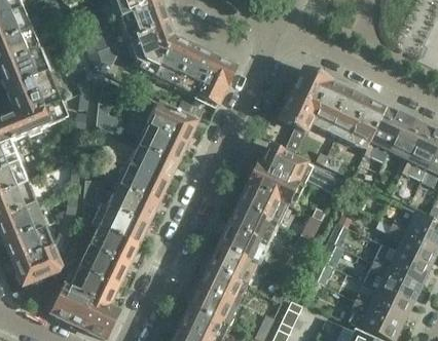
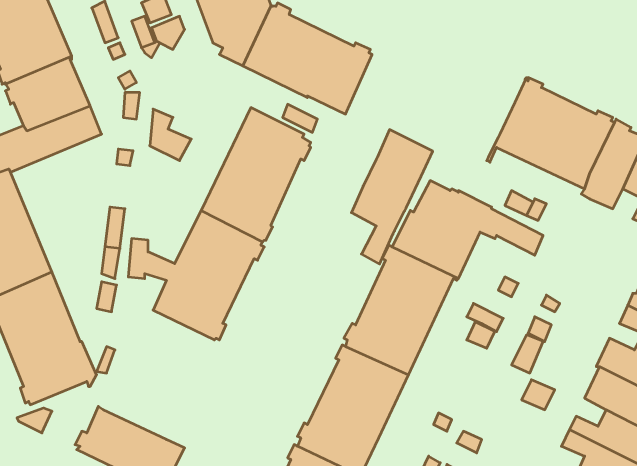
building: [280,68,330,151] -> [351,130,433,264]
building: [68,225,138,305] -> none

